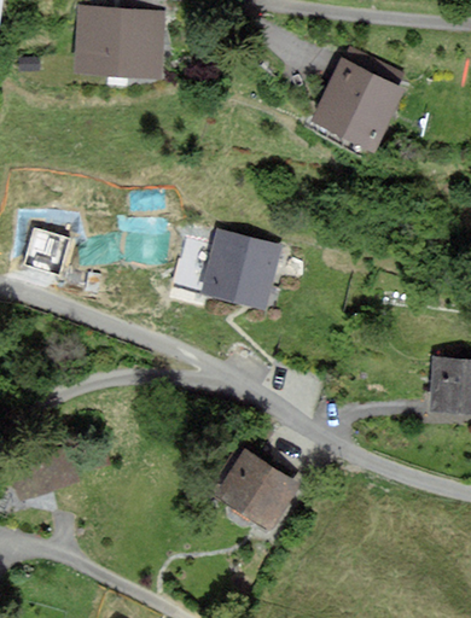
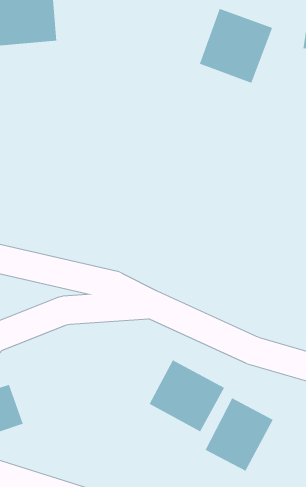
building: [203,234,281,311] -> none
building: none -> [204,397,274,472]

